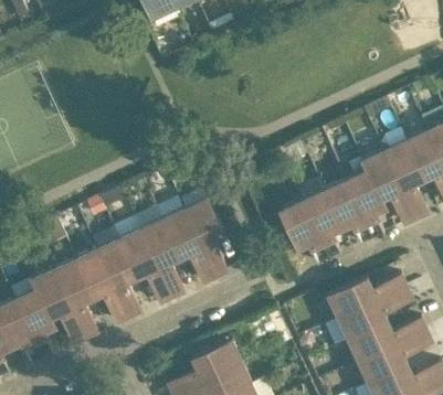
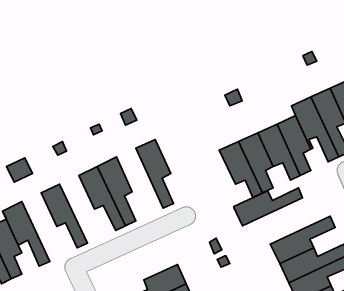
building: [155,196,214,282] -> none
building: [96,239,140,317] -> none
building: [53,259,96,338] -> none
building: [327,275,405,318] -> [234,188,302,226]

